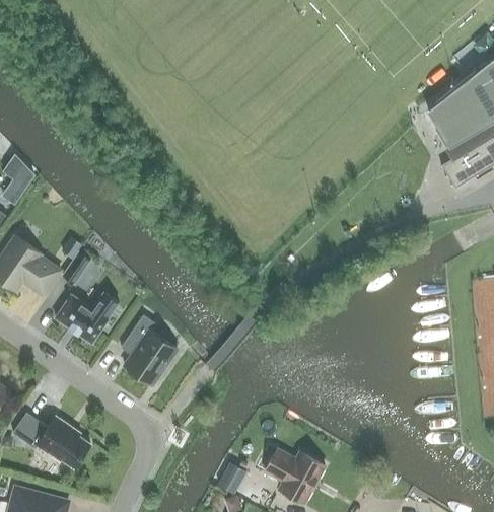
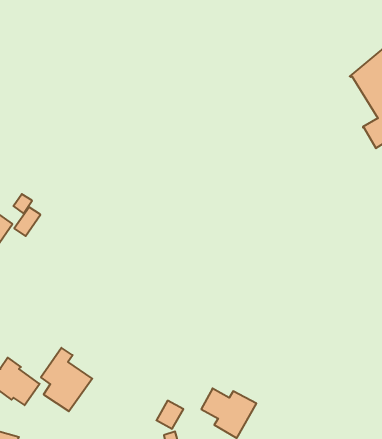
building: [55,291,120,344] -> none
building: [121,315,177,384] -> [41,348,92,411]

